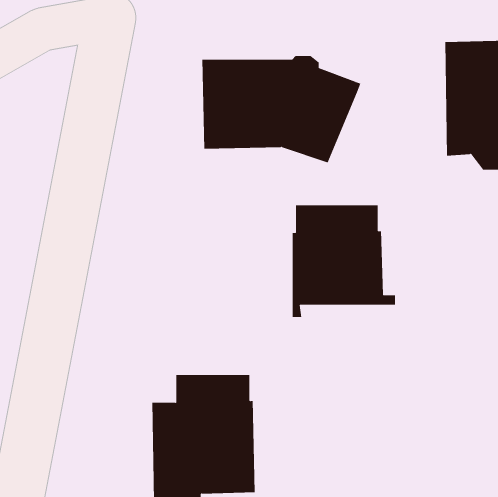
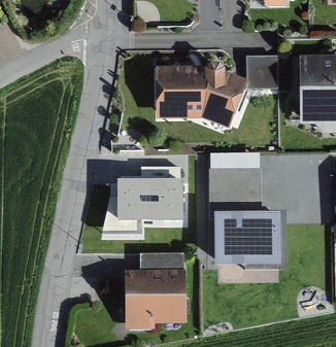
building: none -> [246,54,277,88]
building: none -> [99,175,187,237]
building: none -> [213,211,281,266]

